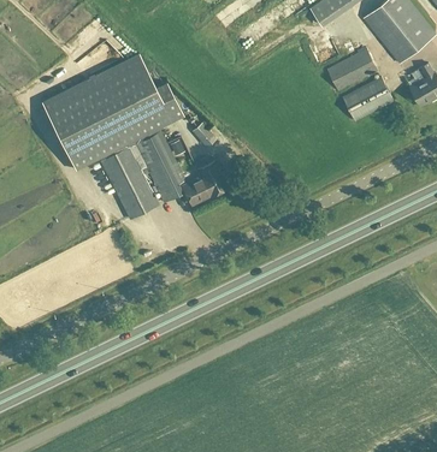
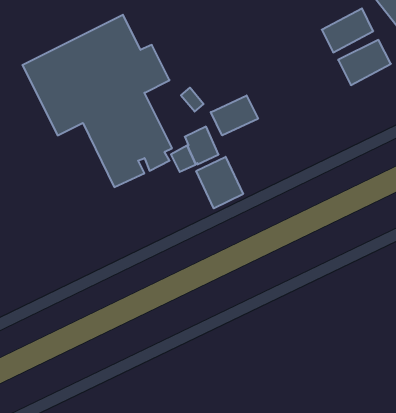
building: none -> [211,95,258,135]
building: none -> [196,157,243,208]

